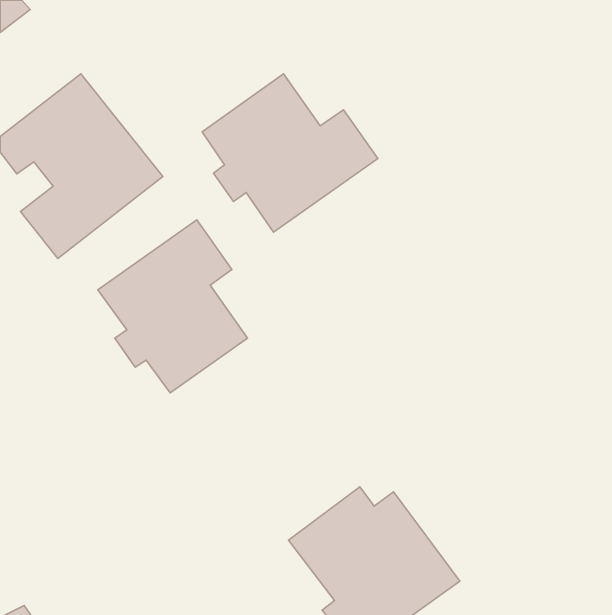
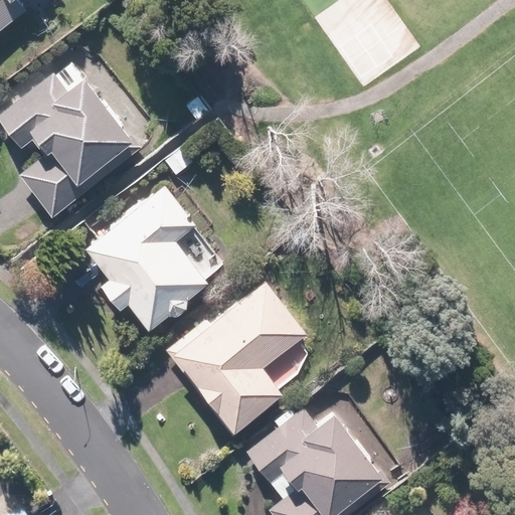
building: [202,74,378,232] -> none
building: none -> [166,280,308,435]

